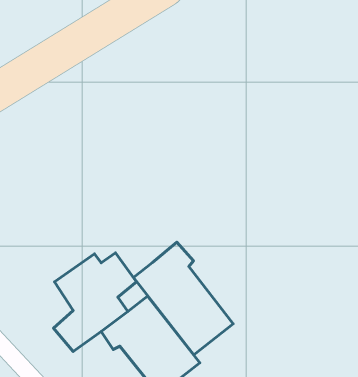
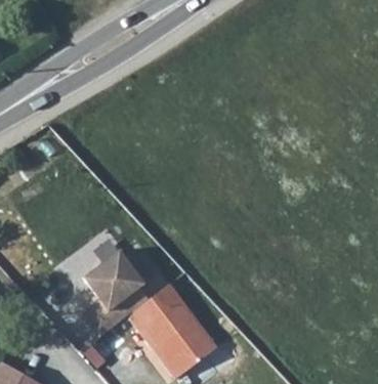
building: [133,242,233,355] -> none

